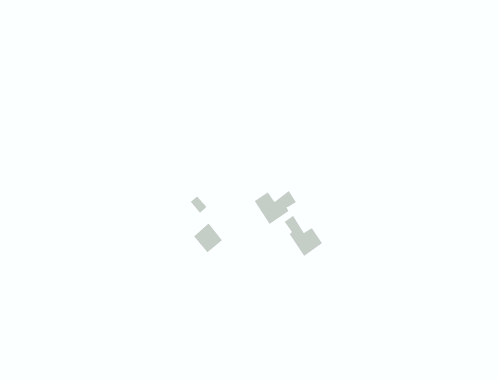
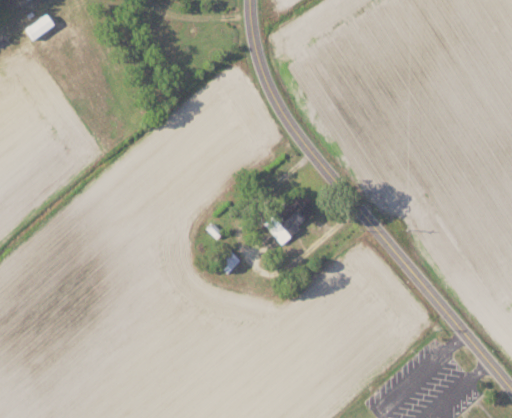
building: [284,215,323,257] -> none

